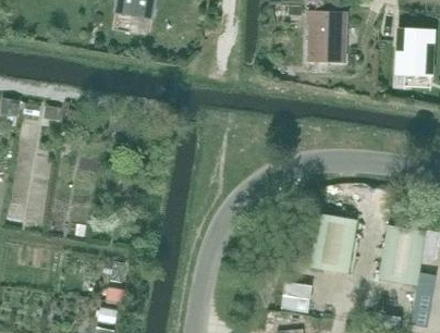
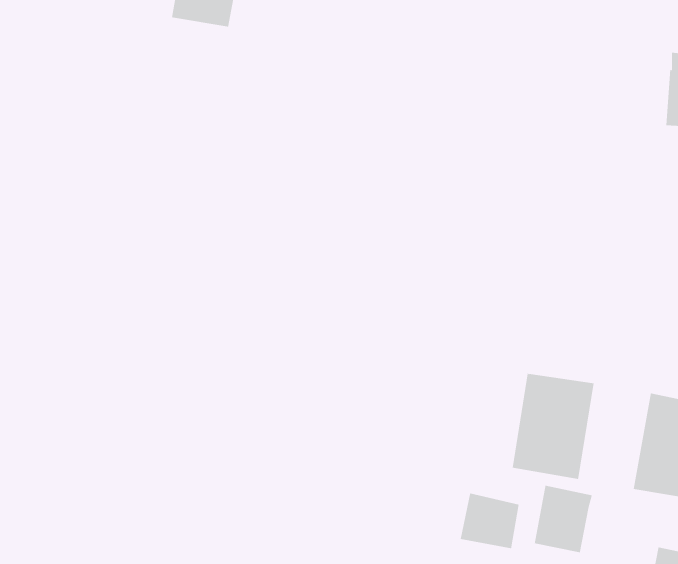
building: [310,12,345,55] -> none
building: none -> [534,485,592,553]

